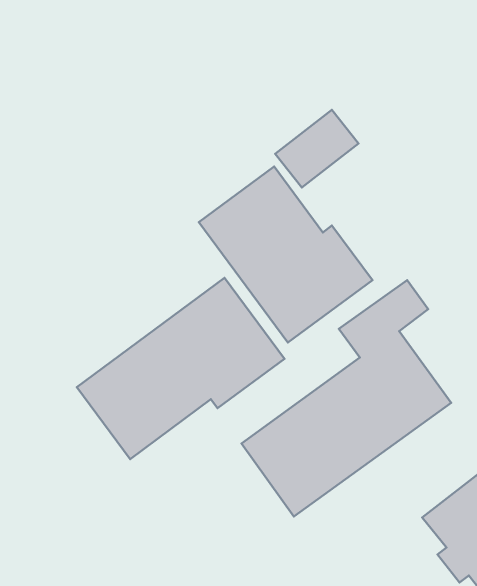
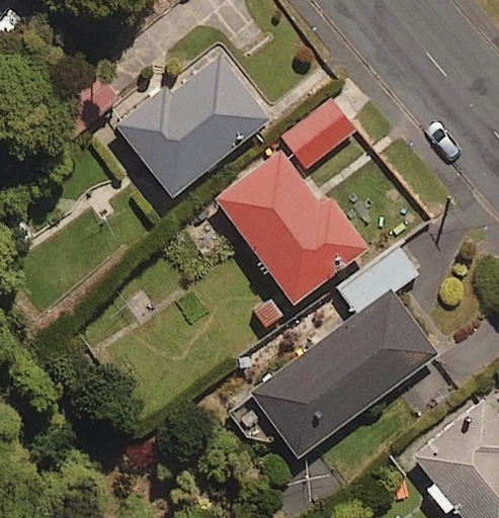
building: none -> [117,50,270,196]
building: [77,278,285,459] -> none

